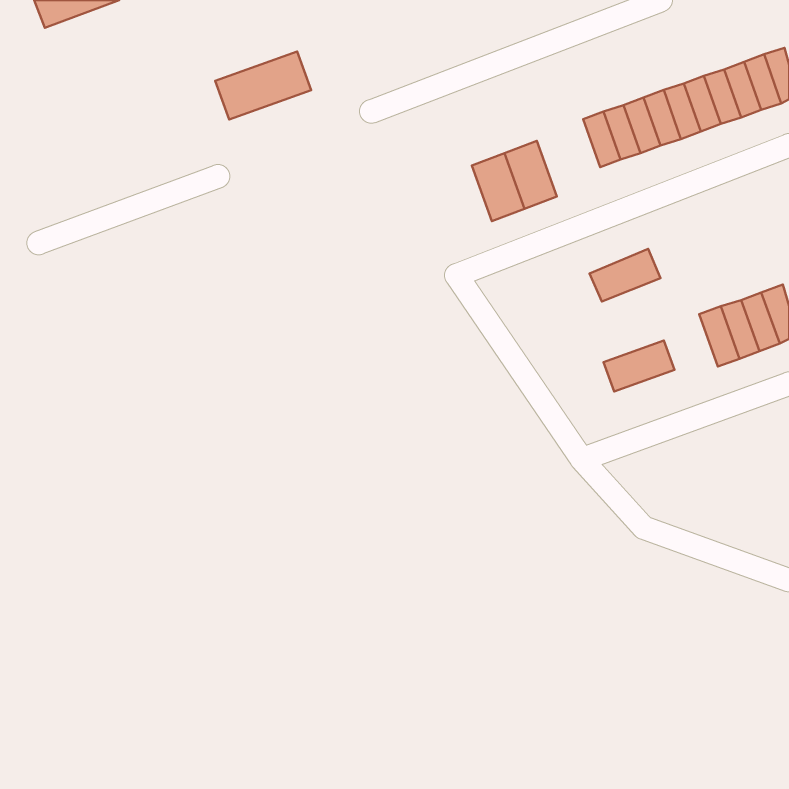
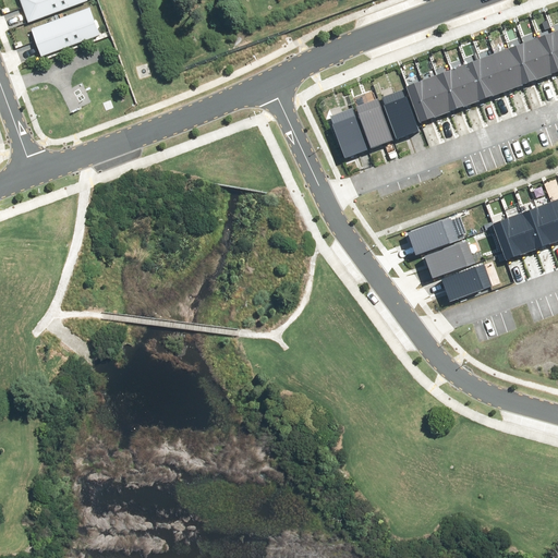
building: [215,52,311,120] -> [33,8,100,56]
building: none -> [378,92,416,140]
building: [589,249,661,302] -> [408,217,458,254]
building: none -> [442,264,490,301]

